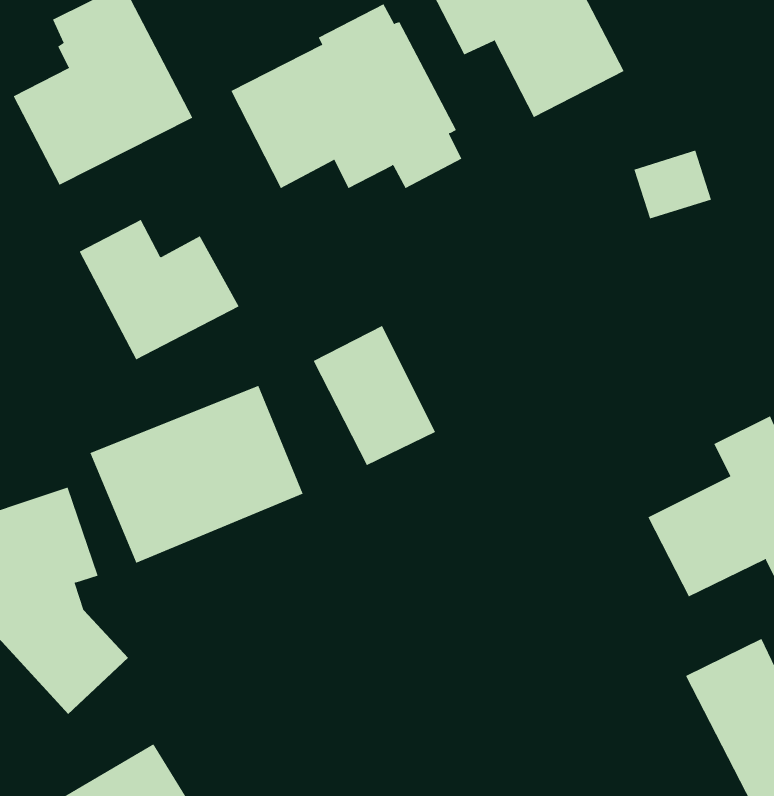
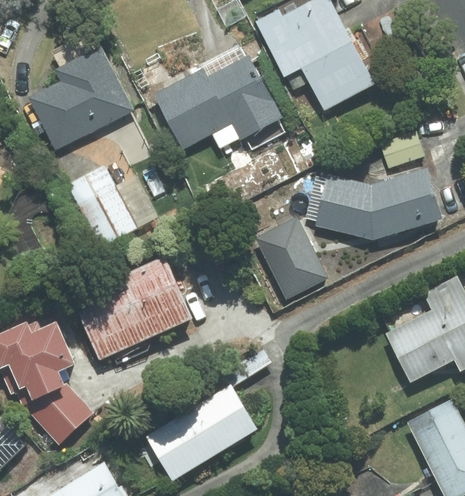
building: none -> [315,169,441,239]
building: [313,325,436,466] -> [256,218,325,297]
building: none -> [139,382,262,478]

